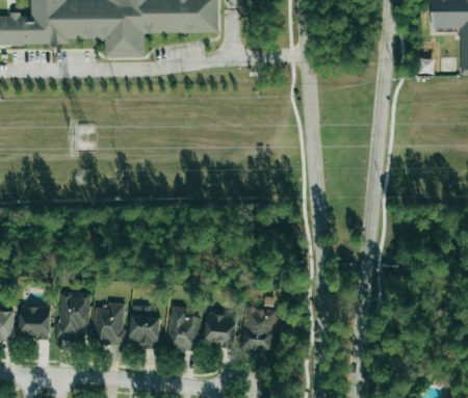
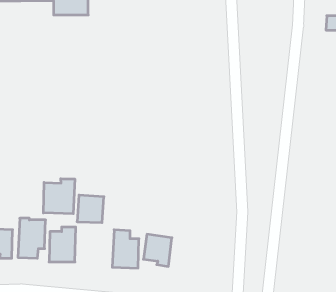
building: none -> [43,179,75,214]
building: [243,308,278,352] -> none
building: [130,315,161,347] -> [77,195,104,223]

